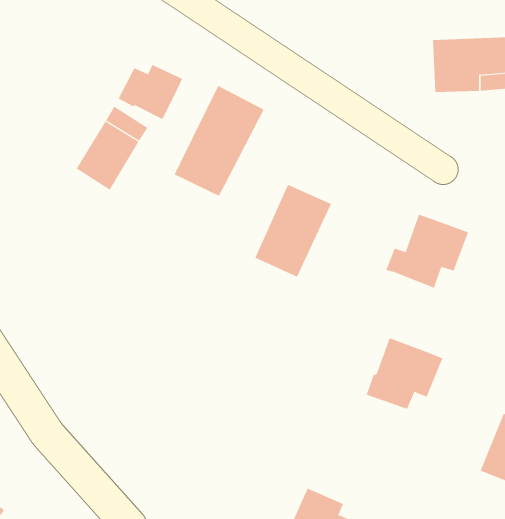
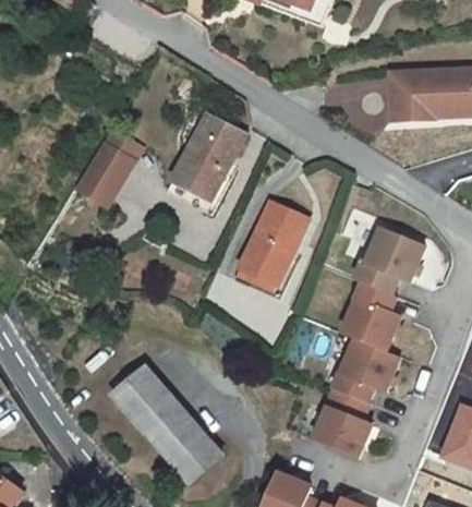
building: [118,64,183,120] -> none
building: none -> [343,279,407,351]
building: none -> [107,362,216,479]
building: none -> [319,388,376,456]

